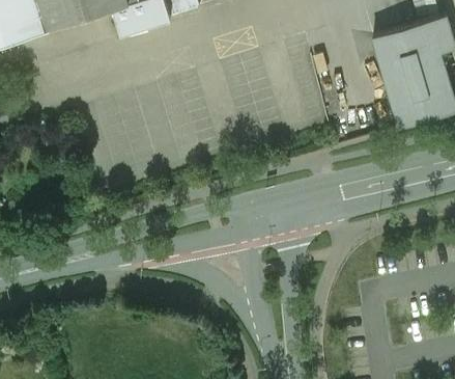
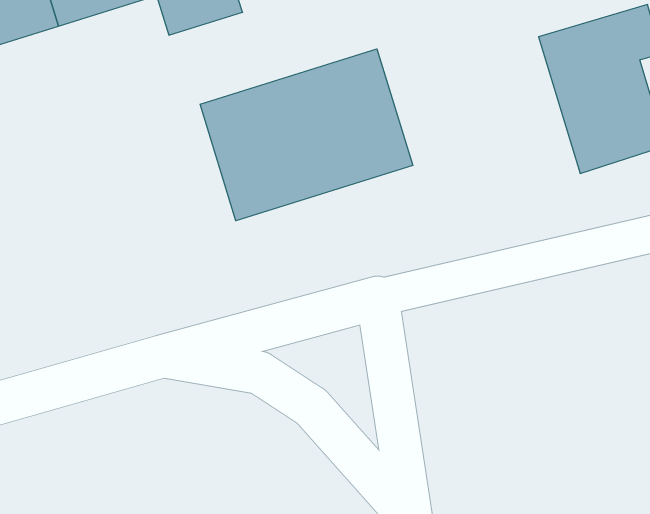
building: none -> [200,49,413,221]

